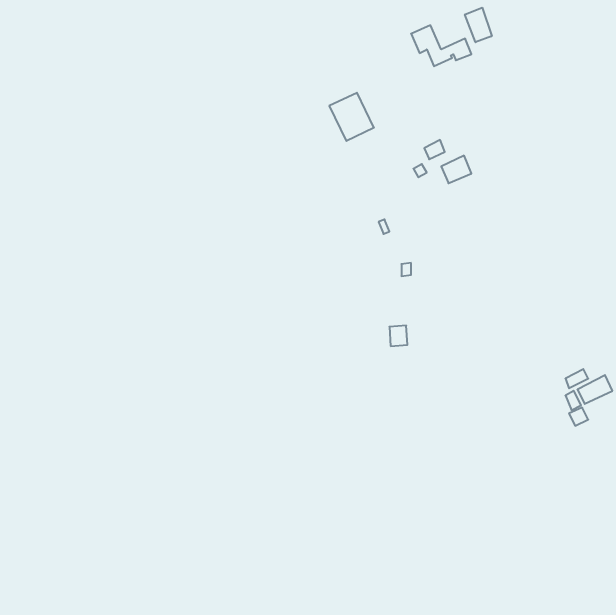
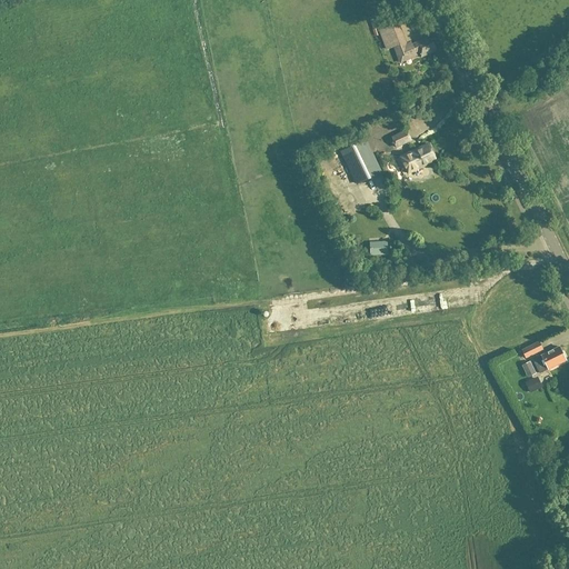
building: [465,8,492,42] -> none
building: [329,93,374,141] -> [340,139,381,183]

